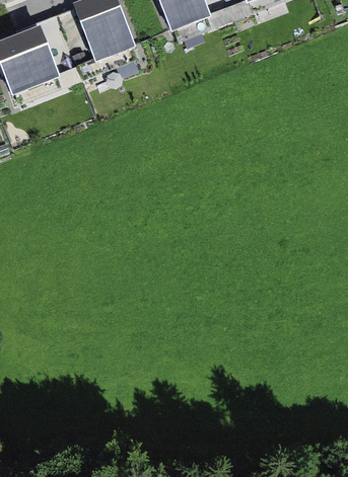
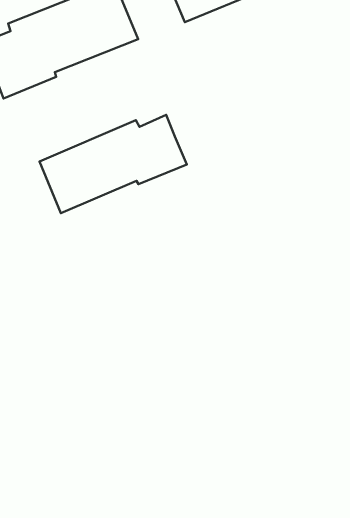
building: none -> [39,115,187,213]

